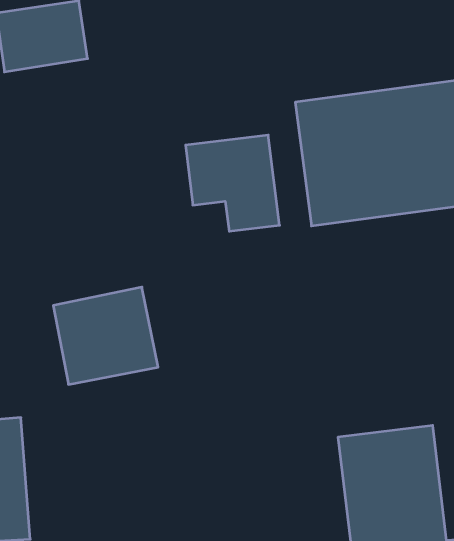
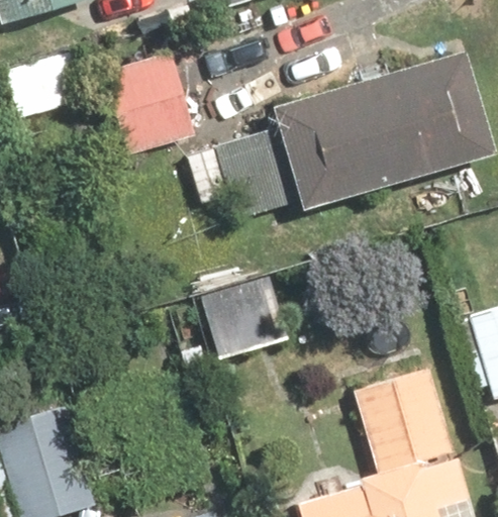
building: none -> [104,54,199,154]
building: [53,287,158,384] -> [196,268,293,359]

